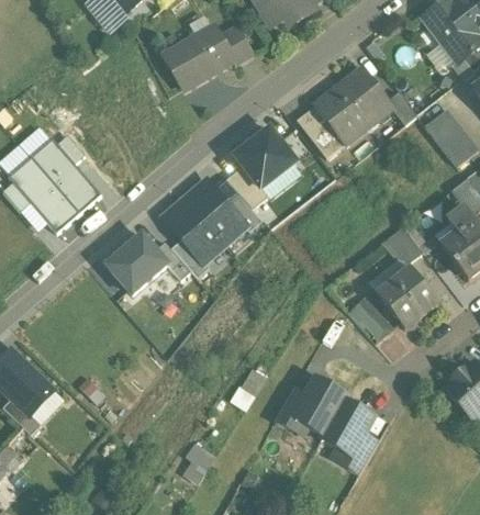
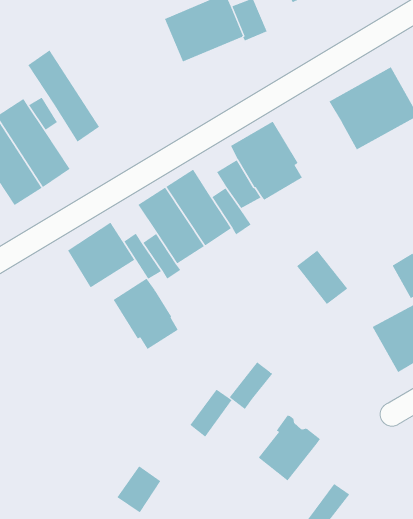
building: none -> [27,50,100,142]
building: [309,122,343,157] -> none
building: none -> [113,278,178,350]
building: [347,294,394,340] -> [296,250,348,305]
building: [274,385,309,428] -> [229,361,273,410]
building: [321,400,373,456] -> none

